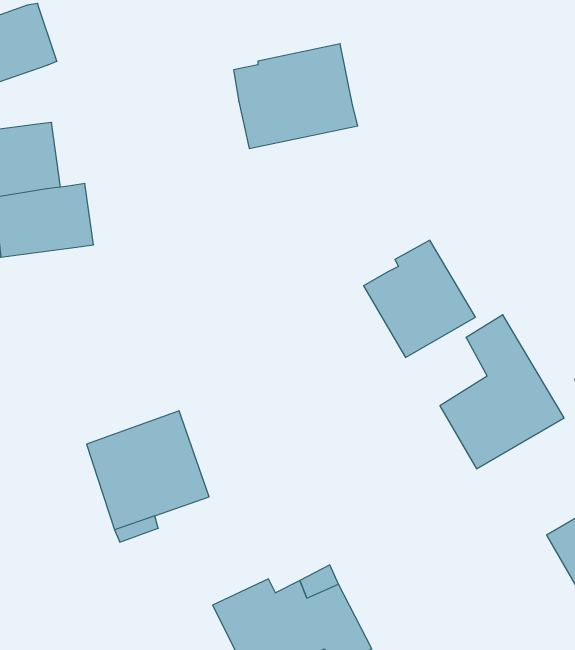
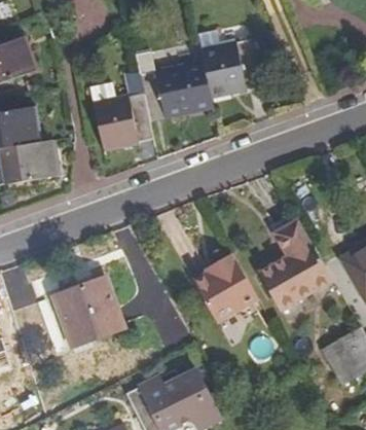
building: none -> [199,40,260,96]
building: none -> [90,94,152,149]
building: [364,240,475,357] -> [194,255,260,324]

